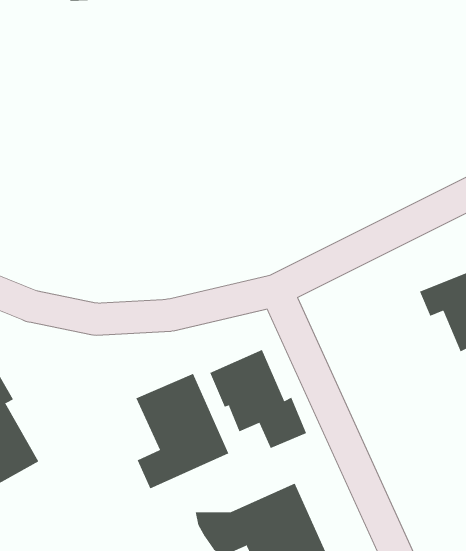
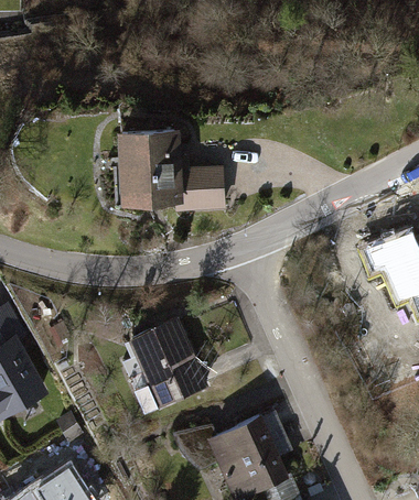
building: none -> [117,129,226,219]
building: [209,349,307,449] -> none

